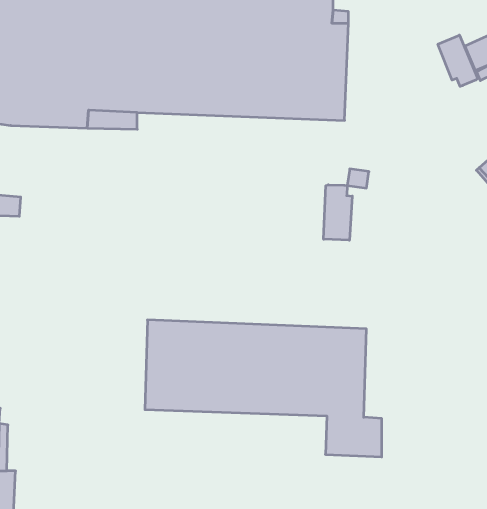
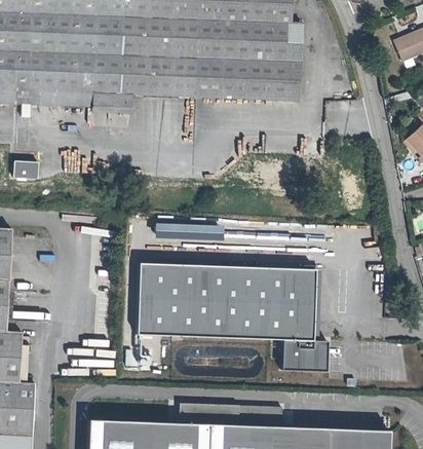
building: [438,35,478,86] -> none
building: [324,185,352,240] -> none

